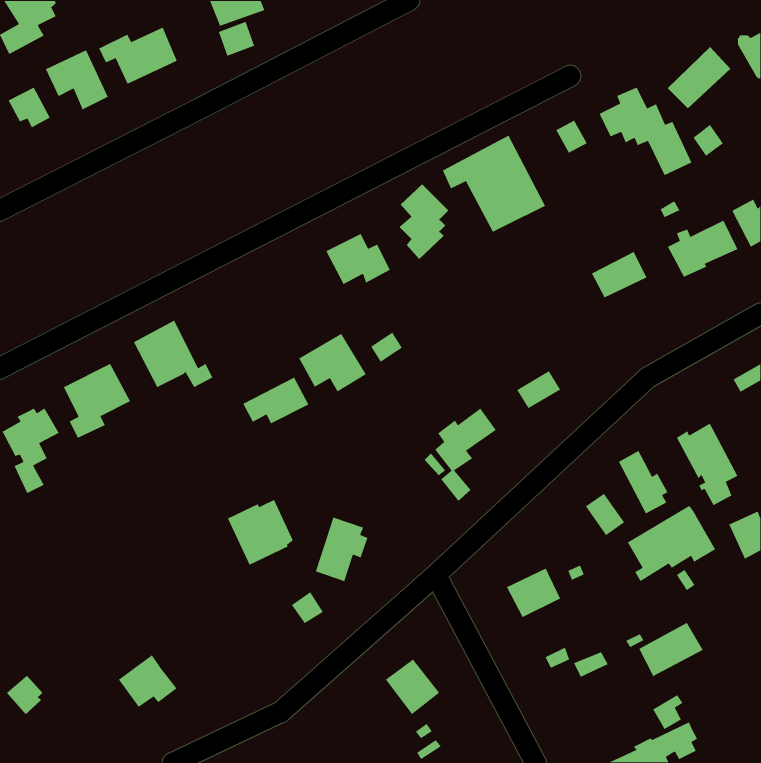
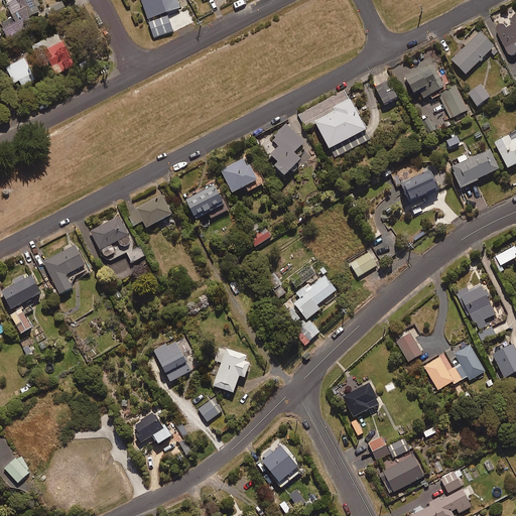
building: [98,26,178,85] -> none
building: [298,333,367,392] -> [183,180,230,221]
building: [242,377,309,424] -> [126,195,171,227]
building: [618,450,668,514] -> none
building: [638,622,704,677] -> [379,457,423,494]
building: [118,654,177,708] -> [130,411,170,447]

